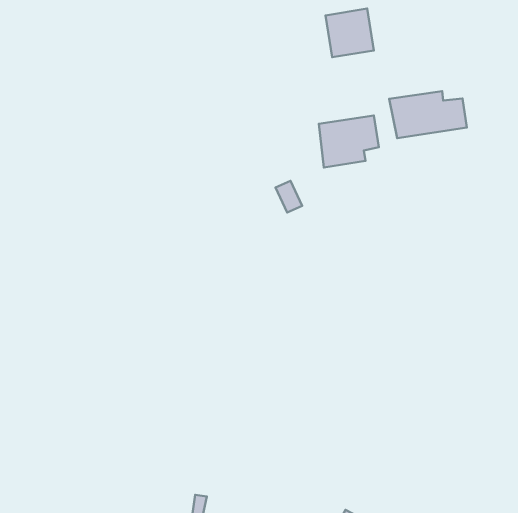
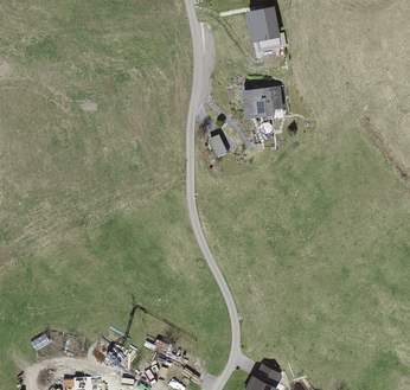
building: [389,91,467,138] -> none

